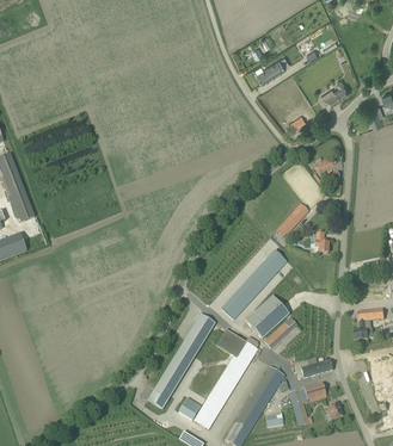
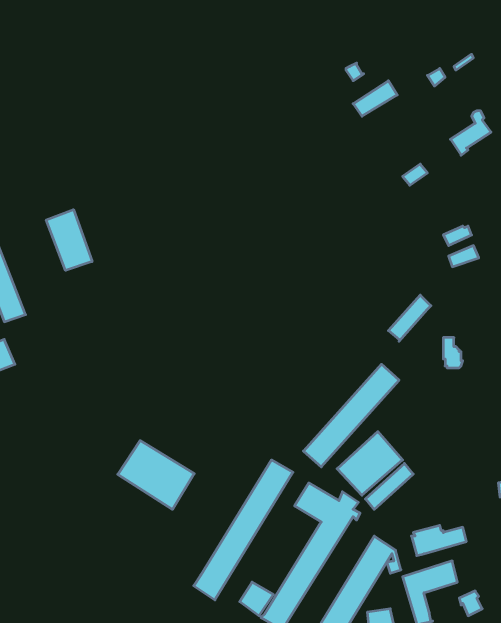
building: none -> [46,210,92,270]
building: none -> [118,441,194,509]

